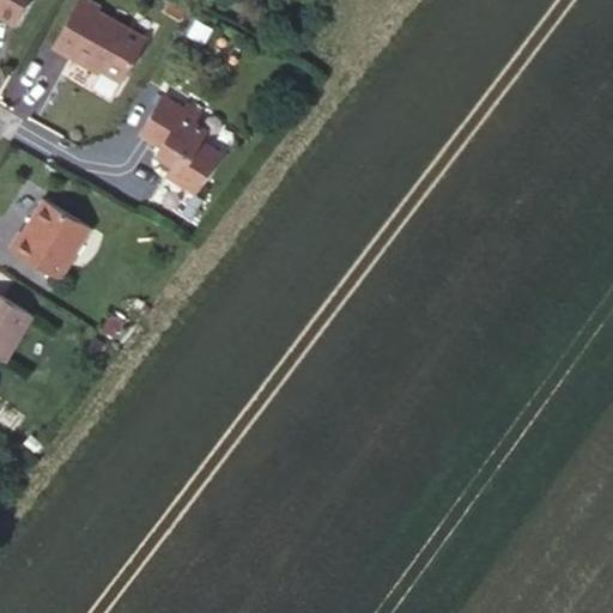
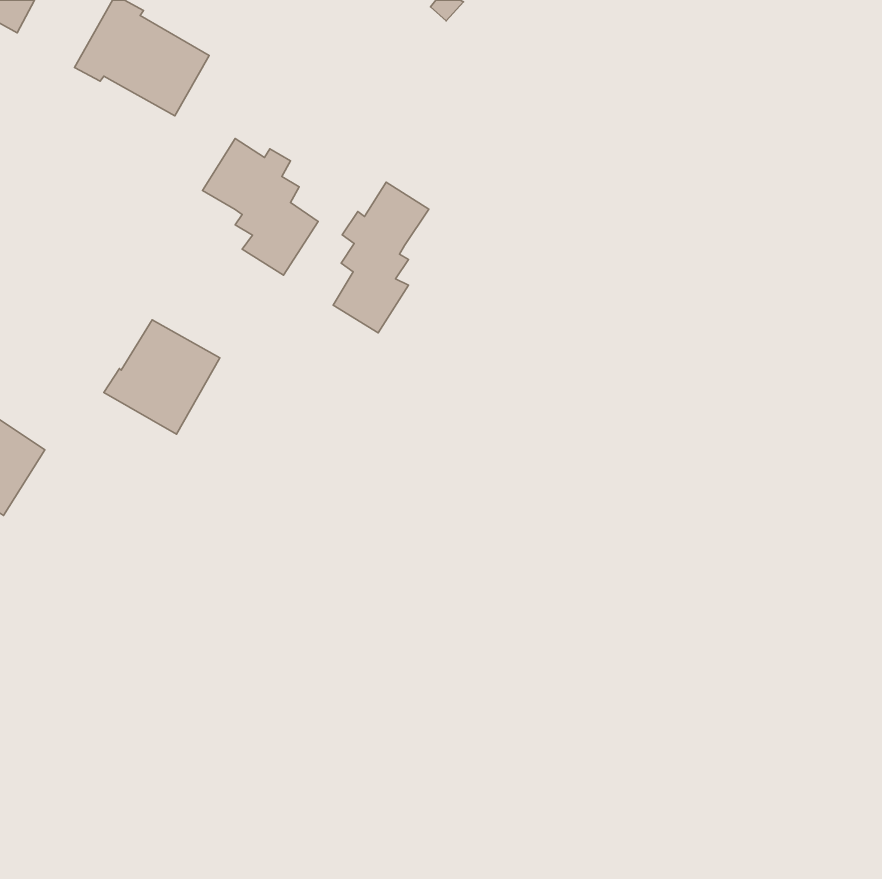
building: none -> [333,182,429,333]
building: [10,199,90,278] -> [104,320,220,434]

